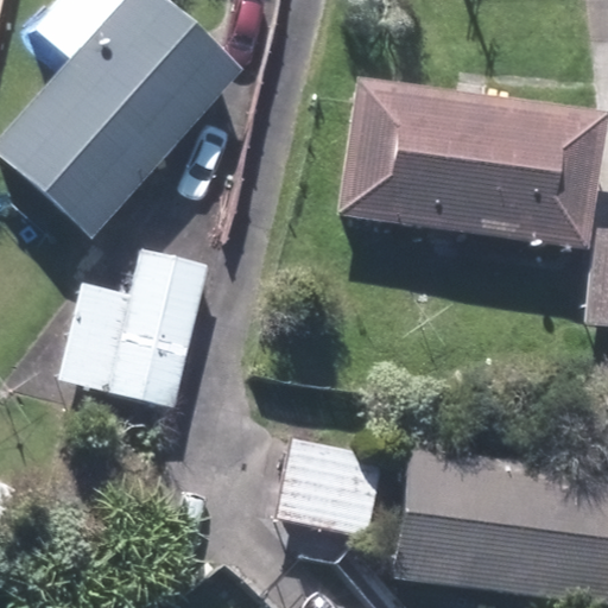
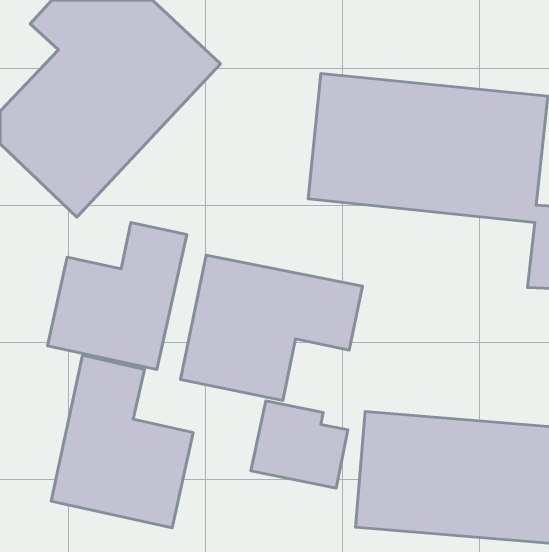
building: none -> [181,255,363,400]
building: none -> [51,355,193,528]

